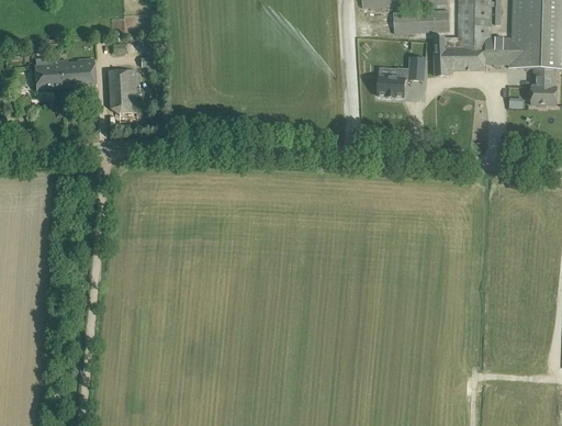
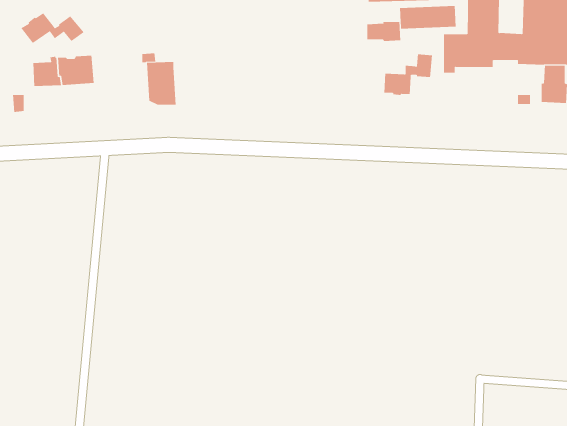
building: none -> [21,13,85,44]
building: none -> [367,21,401,42]
building: [108,68,137,111] -> [146,61,176,105]

